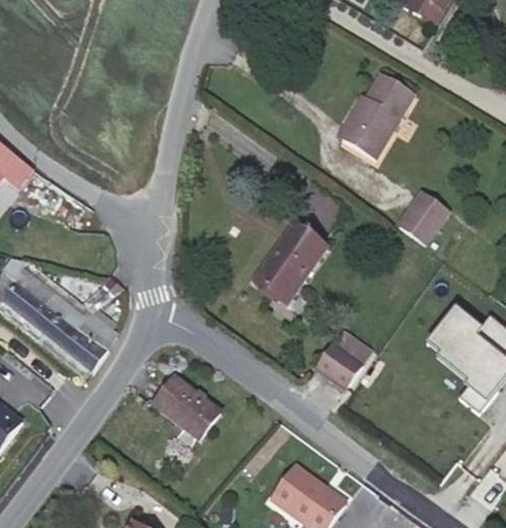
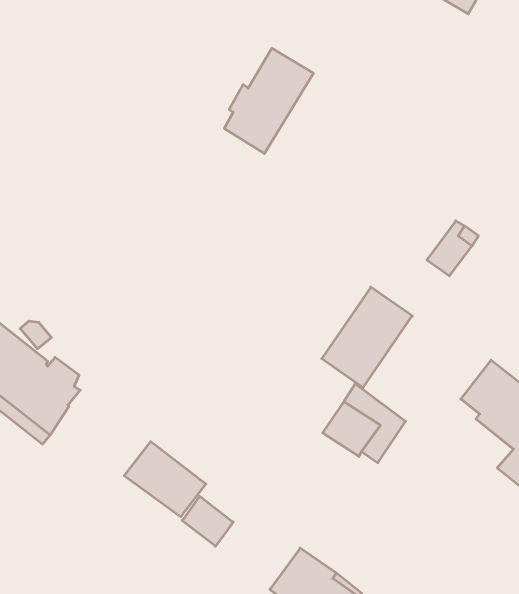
building: [341,71,414,158] -> [224,48,313,154]
building: [252,220,327,302] -> [322,287,412,387]
building: none -> [182,496,233,546]

